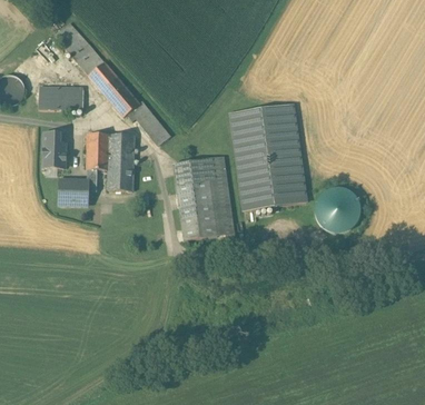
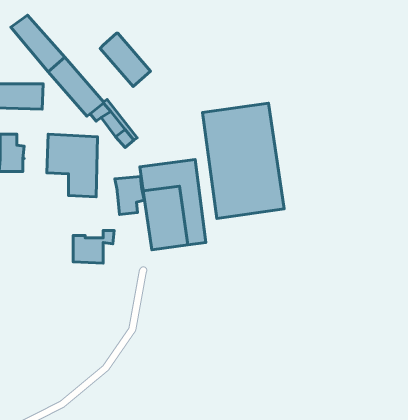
building: none -> [100,33,151,86]
building: none -> [115,176,144,214]
building: [59,175,97,205] -> [73,231,114,263]
building: [314,187,359,231] -> none

